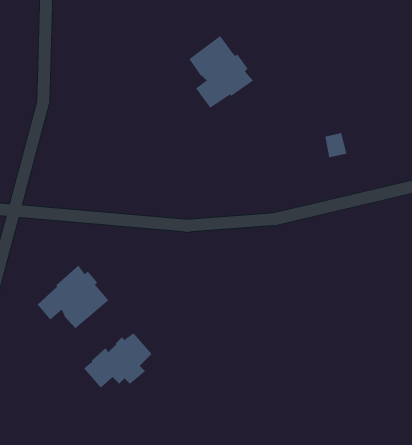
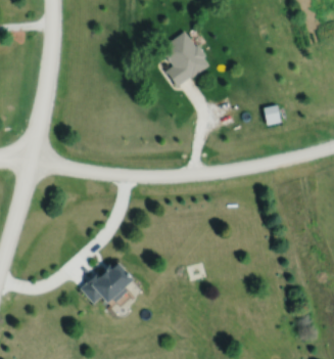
building: [37,265,109,329] -> none

